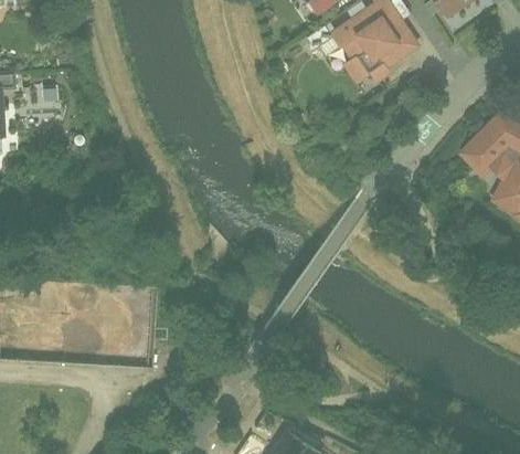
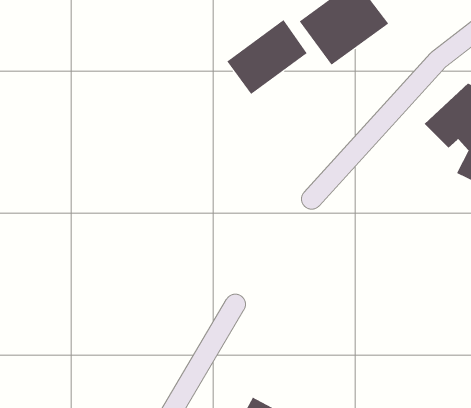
building: none -> [227,19,307,95]

